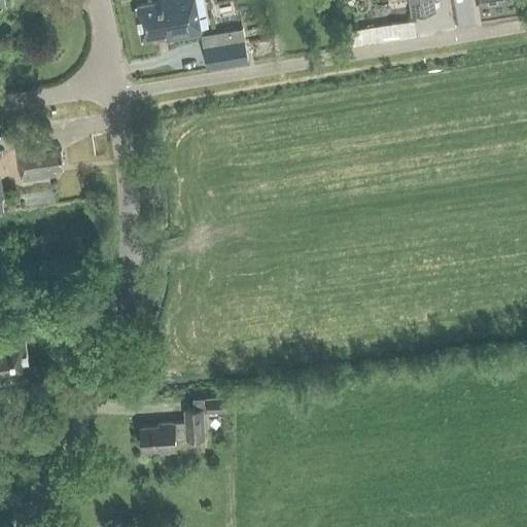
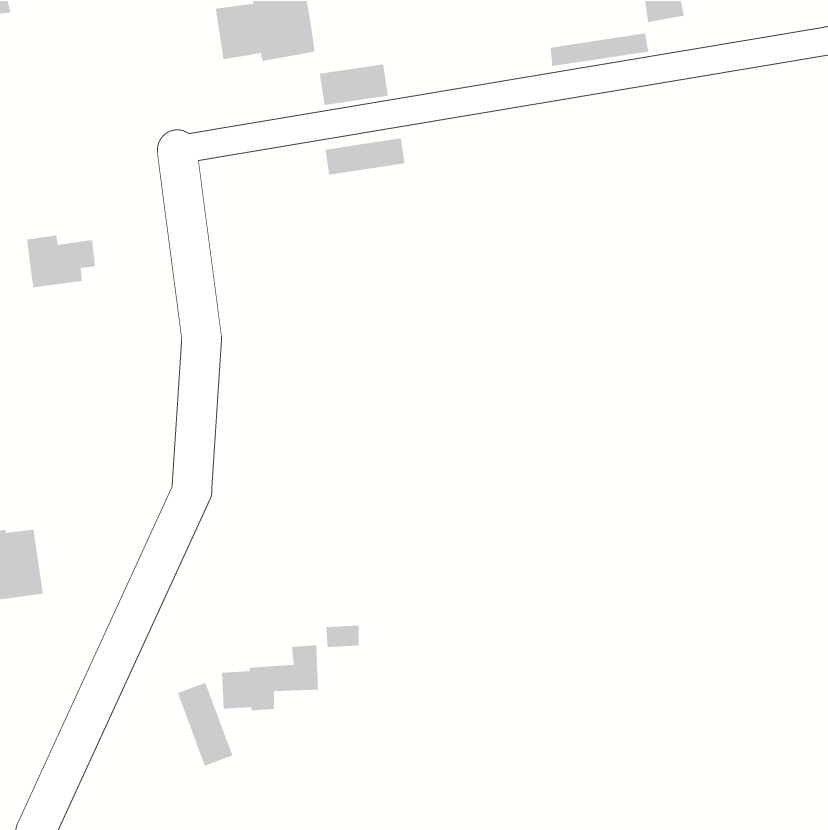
building: none -> [324,137,406,176]
building: none -> [177,682,233,767]

